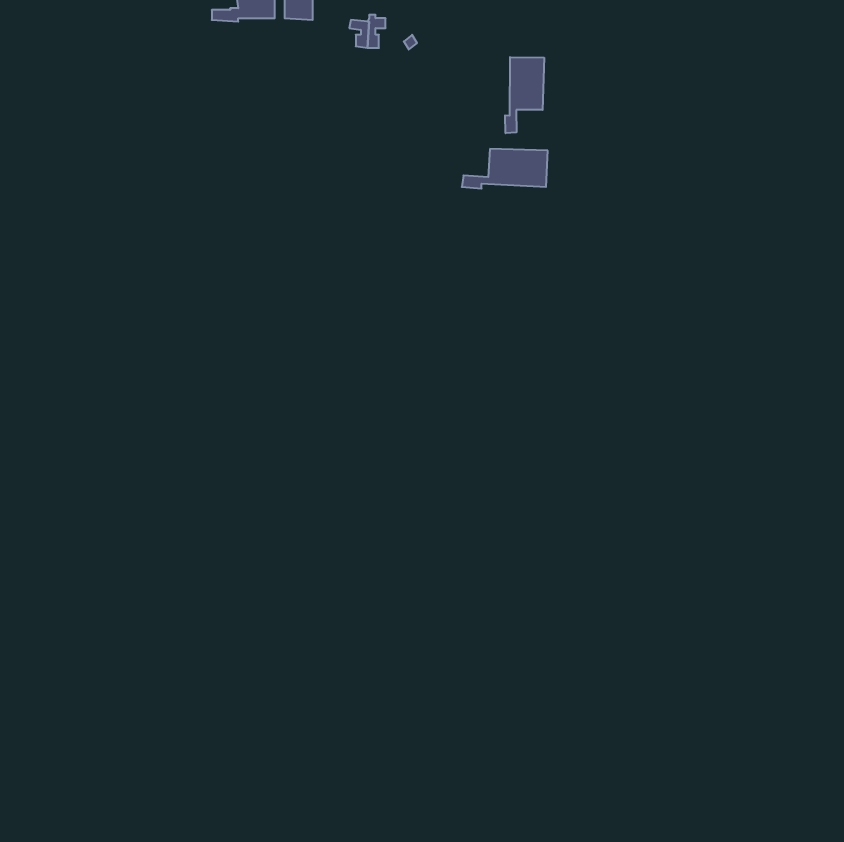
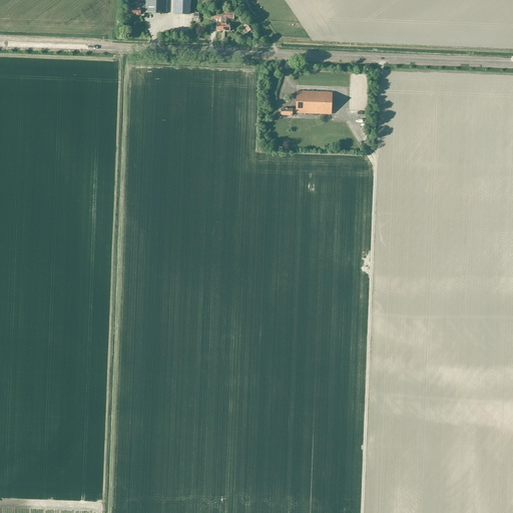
building: [505,57,544,133] -> none

